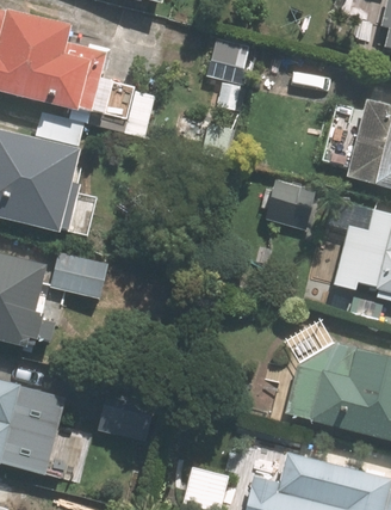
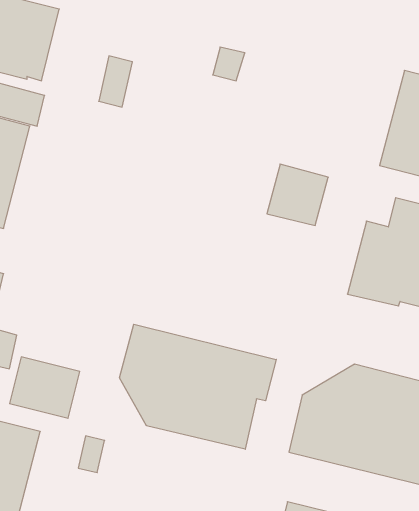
building: [54,250,111,300] -> [10,357,80,418]
building: none -> [120,324,276,449]

